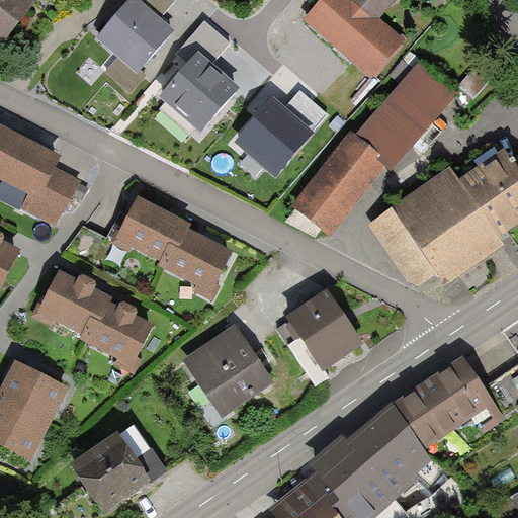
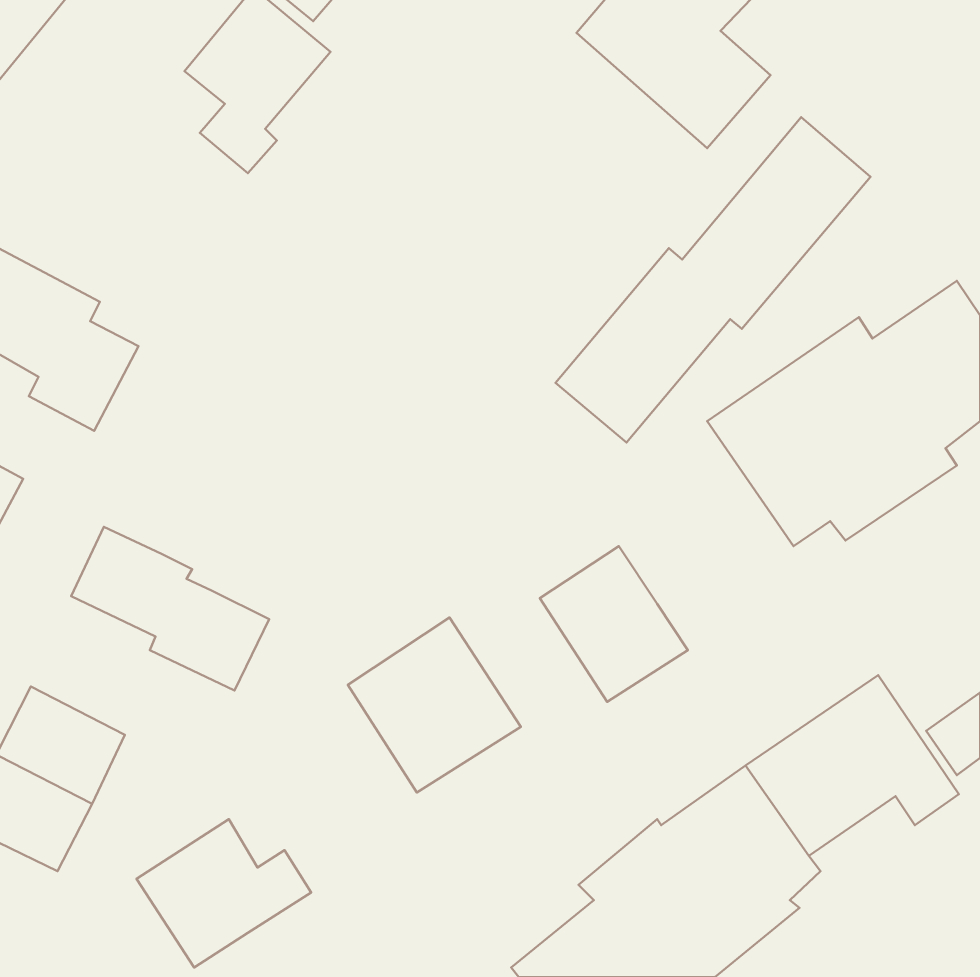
building: [156,19,240,134] -> none
building: [233,89,328,175] -> none
building: [109,196,231,297] -> none

